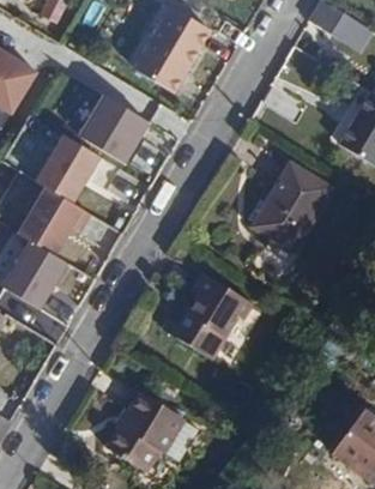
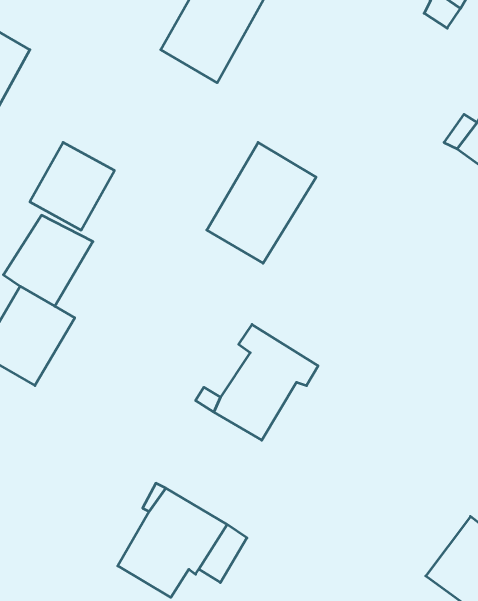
building: [79,95,149,164] -> none
building: [247,164,326,252] -> [207,142,316,263]

